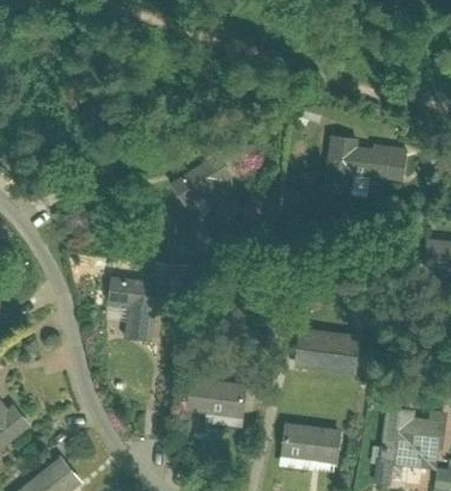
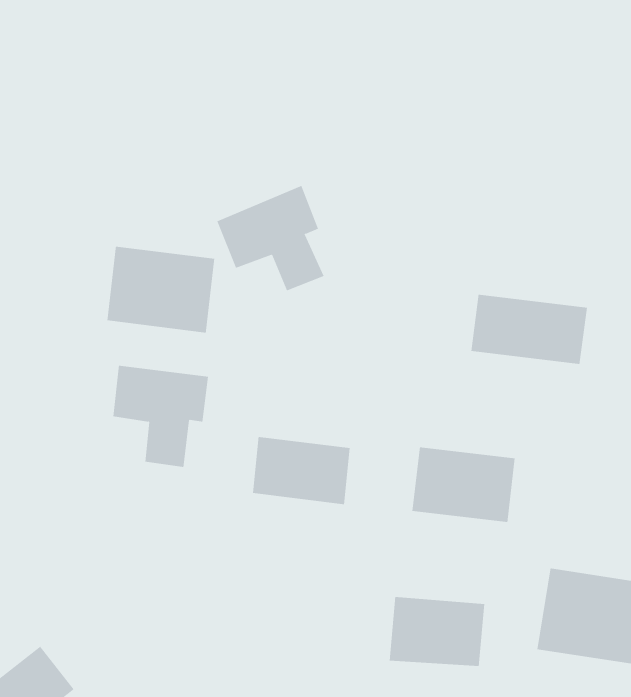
building: [336,143,410,188] -> [470,294,588,364]
building: none -> [107,246,215,333]
building: [184,382,246,425] -> [252,436,351,505]

